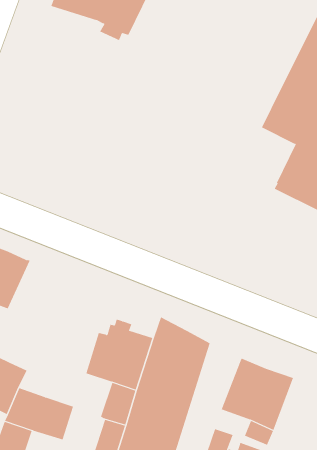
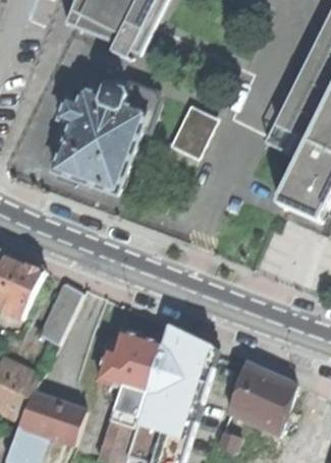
building: none -> [52,82,158,193]
building: none -> [166,102,218,161]
building: none -> [39,281,81,342]

